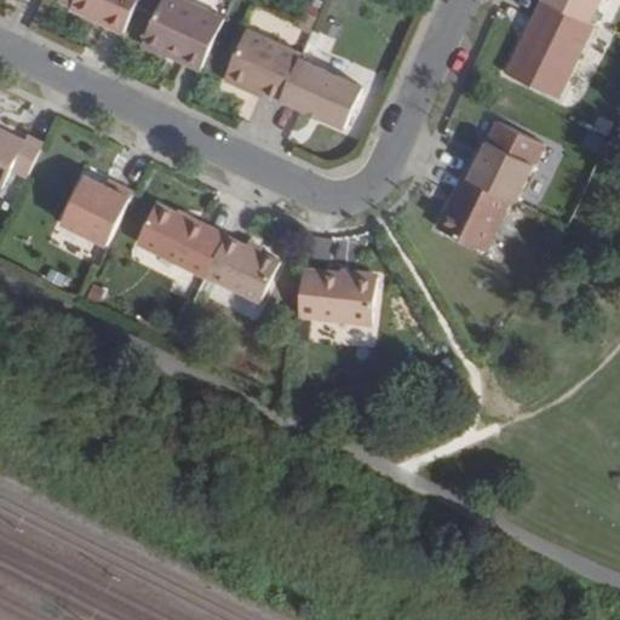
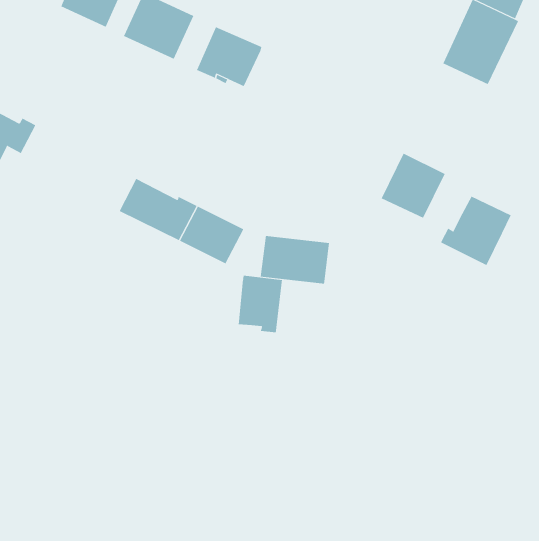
building: [279,58,361,127] -> none
building: [460,121,541,201] -> [440,196,511,266]
building: [61,174,132,245] -> none
building: none -> [238,275,282,333]

